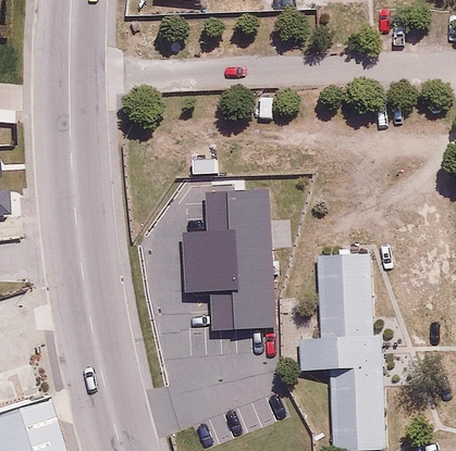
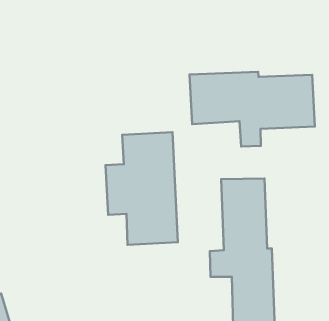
building: none -> [190,72,315,147]

